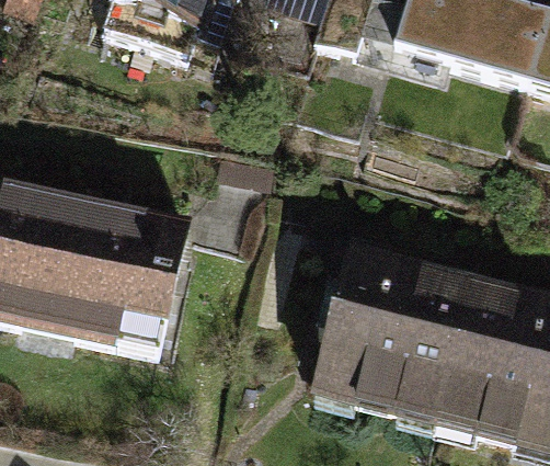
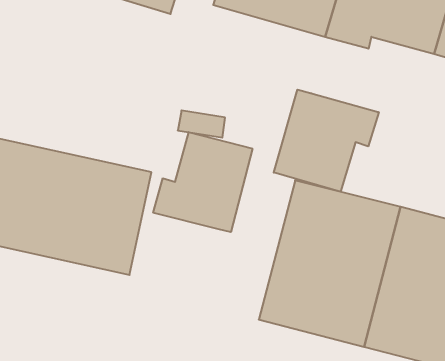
building: none -> [274,90,379,192]
building: none -> [153,132,252,232]

